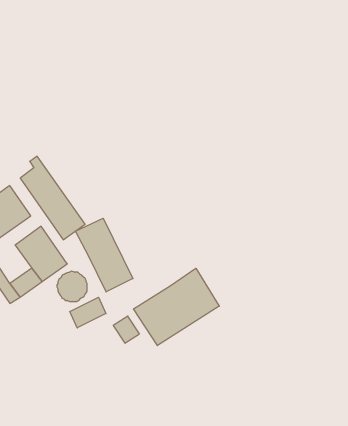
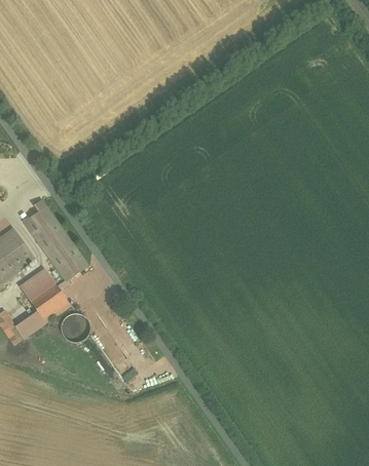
building: [75,218,133,292] -> none
building: [134,268,219,346] -> none
building: [70,297,106,328] -> none

